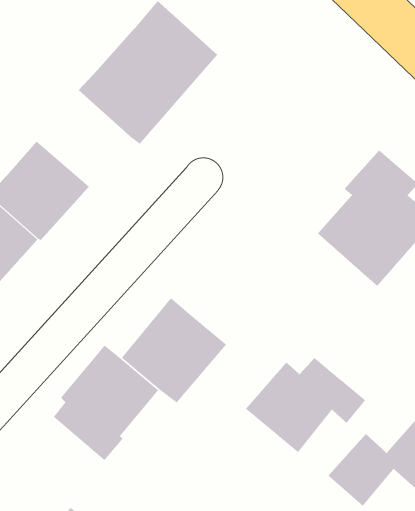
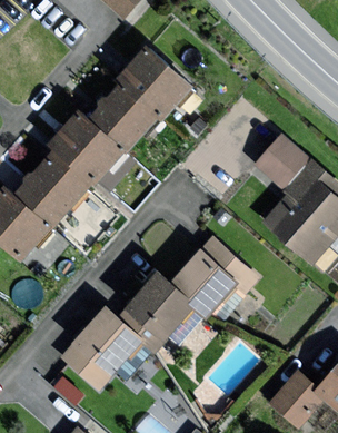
building: none -> [46,109,125,187]
building: none -> [257,135,307,186]
building: [245,357,366,453] -> [169,244,260,316]

